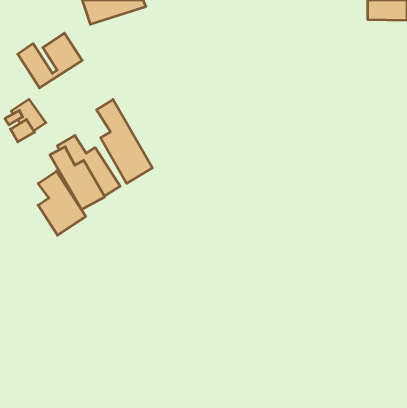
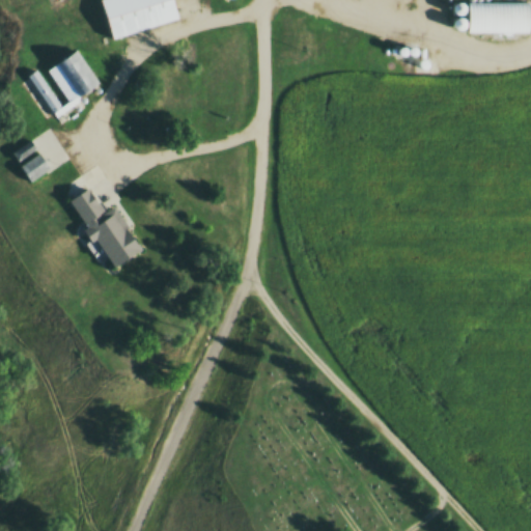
building: [97,99,152,183] -> none
building: [38,171,86,235] -> none

